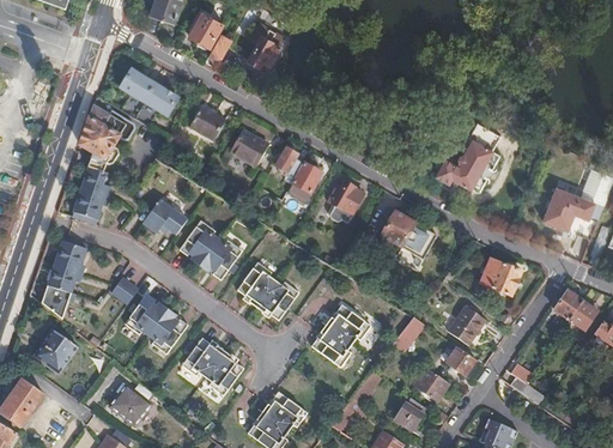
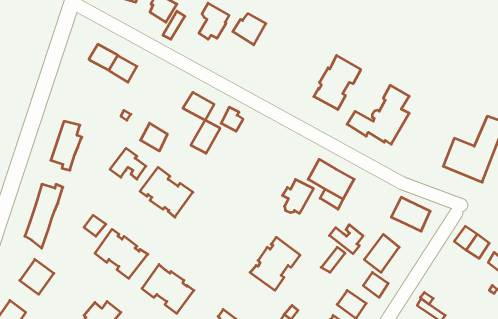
building: none -> [233,14,266,45]
building: none -> [314,55,361,110]
building: [79,104,134,158] -> none
building: [189,108,221,141] -> [140,123,167,151]
building: [286,164,321,204] -> [191,120,220,153]
building: [326,182,363,223] -> [282,179,313,213]
building: [236,261,298,320] -> none
building: none -> [329,225,363,254]

